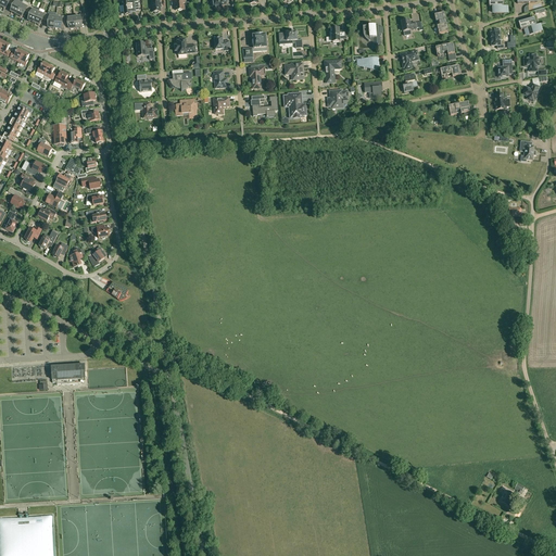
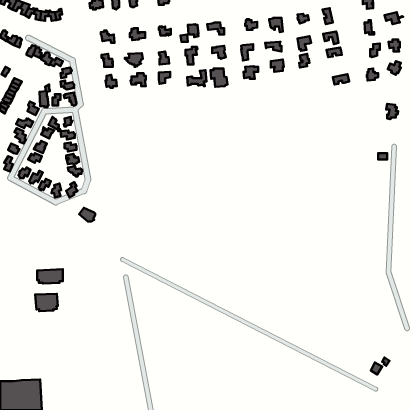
building: none -> [35,294,58,311]

